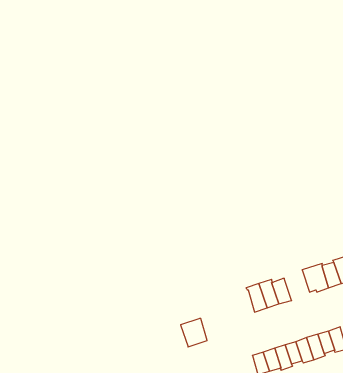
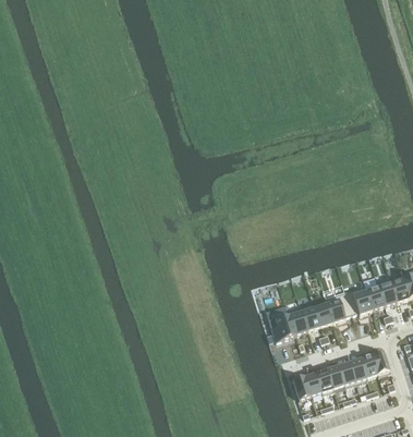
building: none -> [321,291,349,323]
building: [181,318,207,347] -> [265,312,292,341]

